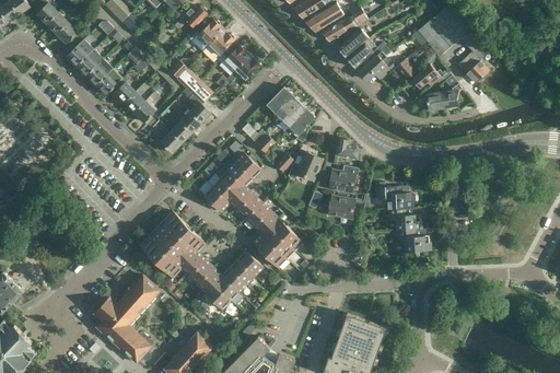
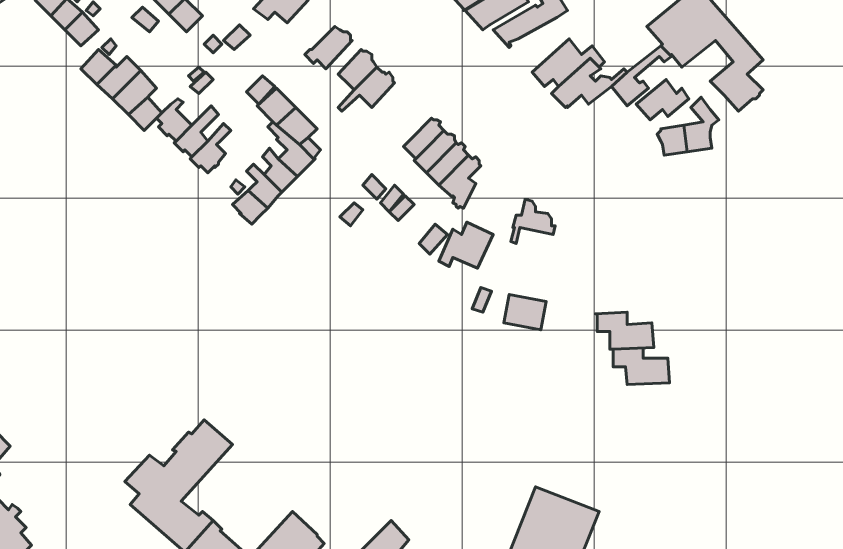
building: [189,20,223,51] -> none
building: [336,25,369,59] -> none
building: [202,153,302,268] -> none
building: [328,166,358,193] -> none
building: [377,186,411,209] -> none
building: [139,211,262,310] -> none

